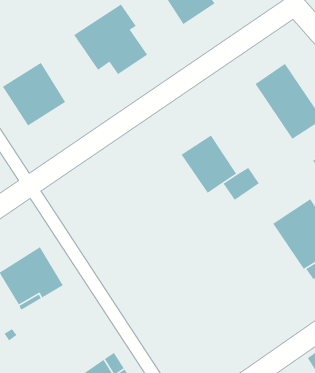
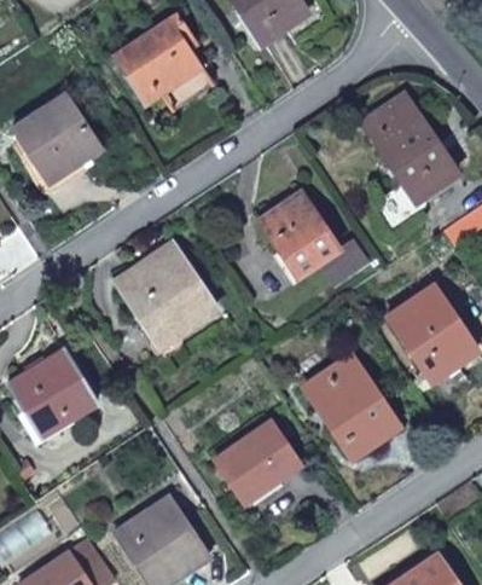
building: none -> [122,248,217,344]
building: none -> [304,357,396,457]
building: none -> [217,423,300,503]

